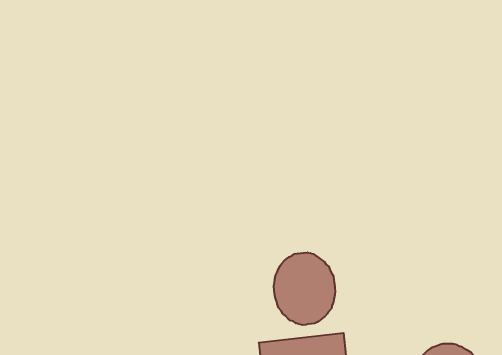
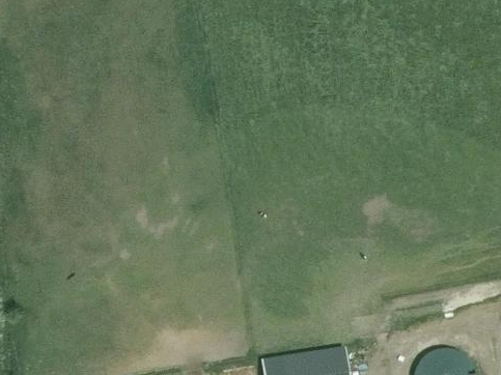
building: [274,252,335,325] -> none

